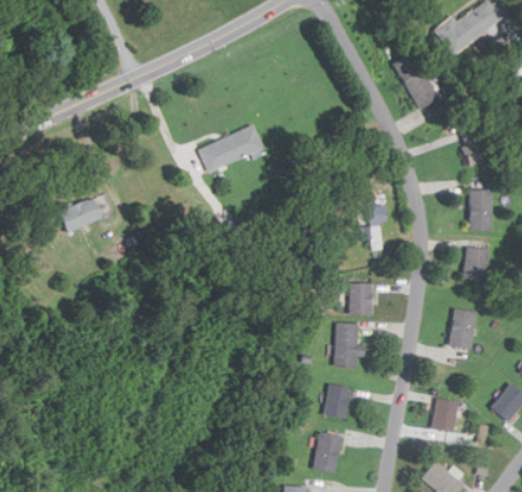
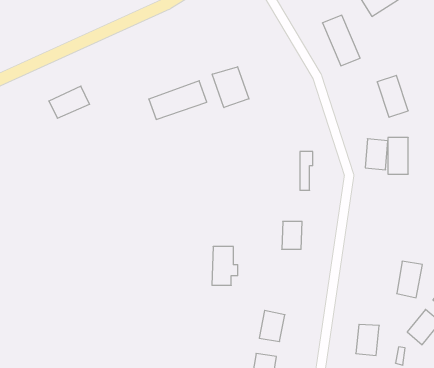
building: none -> [212,67,249,108]
building: [59,196,105,232] -> [49,86,90,118]
building: [462,247,487,281] -> [365,139,388,170]
building: [447,309,476,350] -> [397,261,422,298]
building: [334,324,363,367] -> [212,247,238,285]

